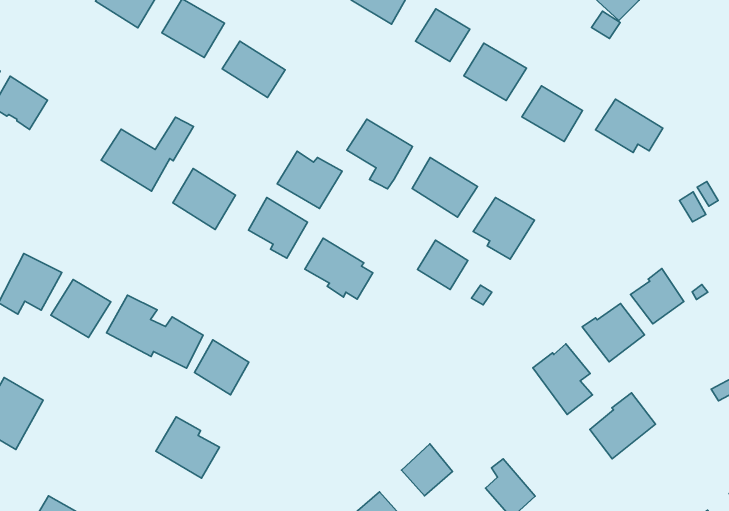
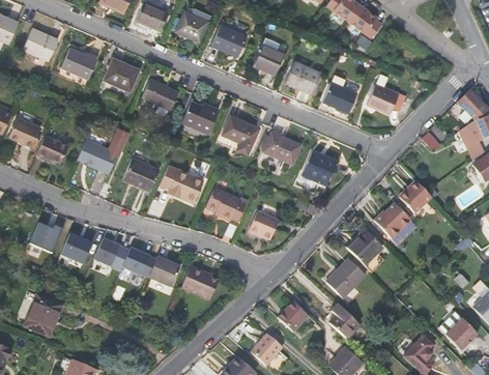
building: none -> [35,135,67,162]
building: [277,151,342,209] -> [181,100,219,133]
building: [417,240,468,290] -> [249,211,278,239]
building: [590,393,655,459] -> [326,258,365,298]
building: [156,417,219,478] -> [180,265,218,299]

